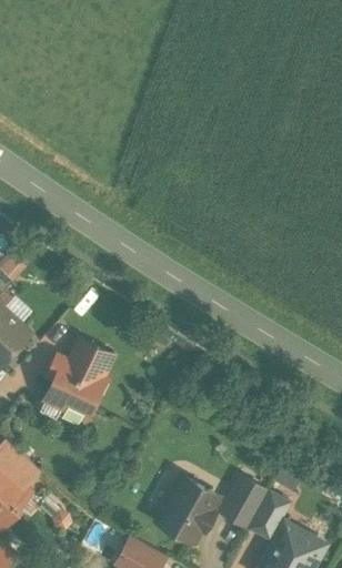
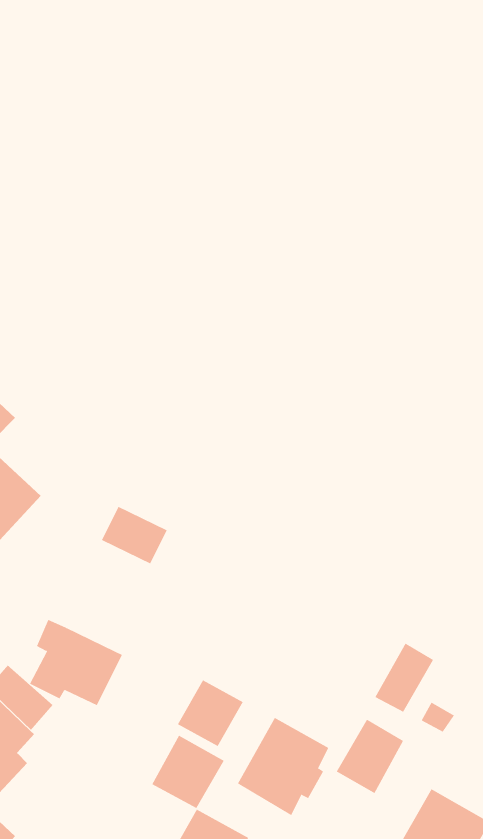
building: [43,357,104,414] -> [29,619,123,706]
building: none -> [177,679,243,747]
building: none -> [151,735,225,809]
building: [249,494,288,539] -> [374,643,434,712]

